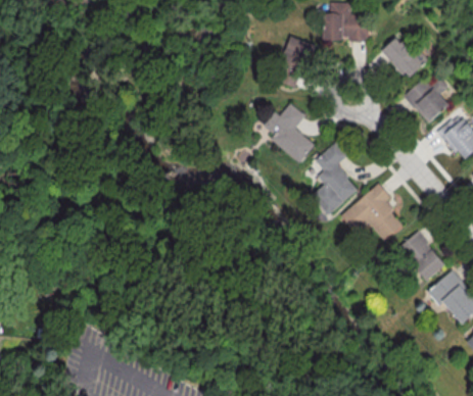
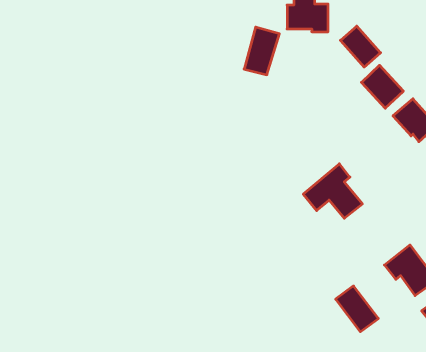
building: [263,103,315,162] -> none
building: [312,142,359,215] -> none
building: [399,231,445,280] -> [336,286,378,332]

